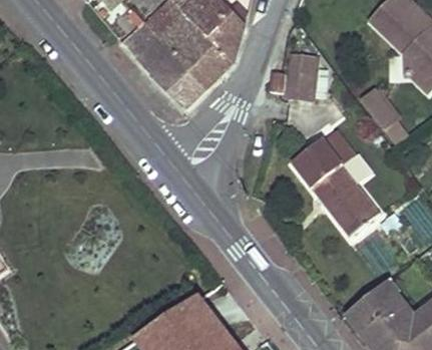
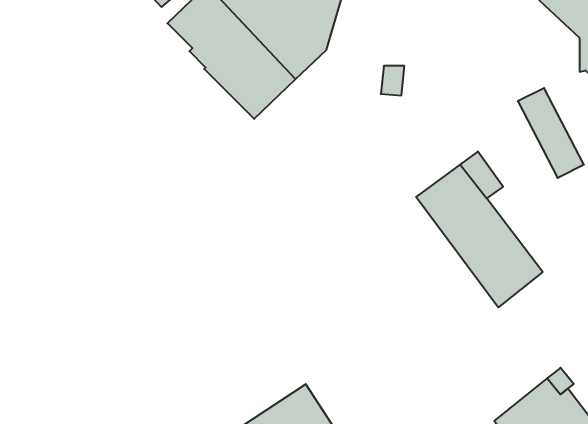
building: [287,34,315,94] -> none

